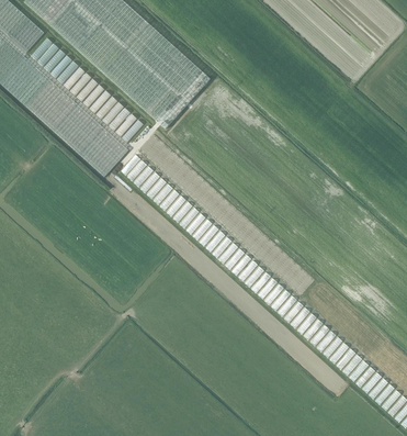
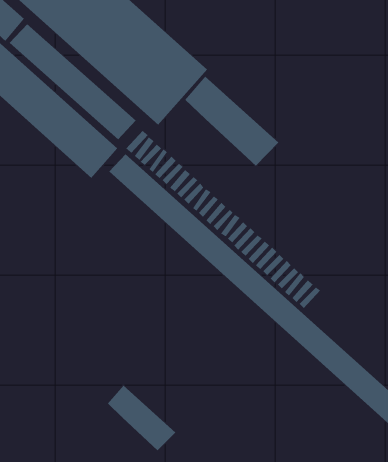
building: none -> [184,76,279,166]
building: none -> [107,385,176,451]

